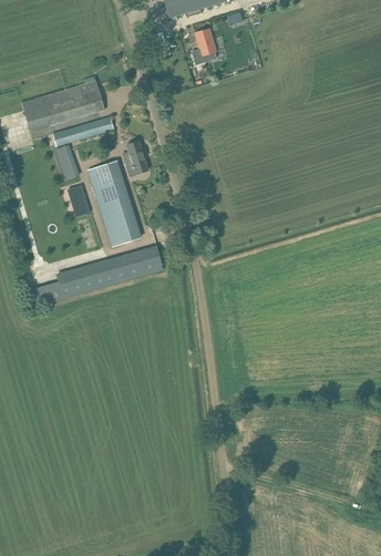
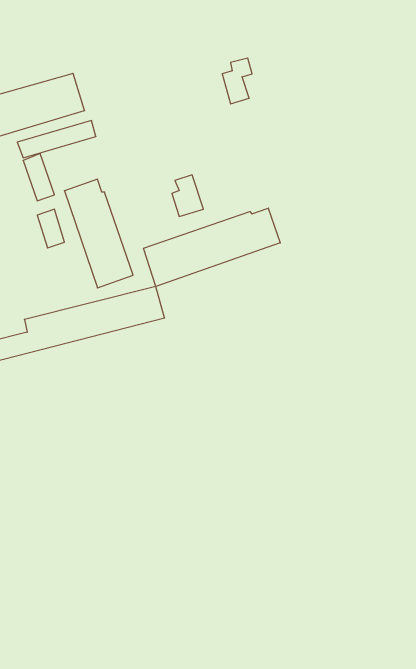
building: [186,28,209,63] -> [222,58,252,104]
building: [123,140,147,172] -> [172,175,203,216]
building: none -> [144,208,280,287]

